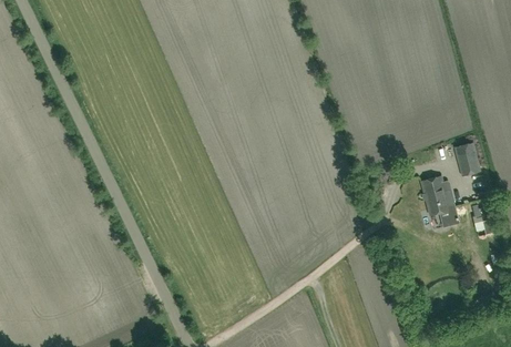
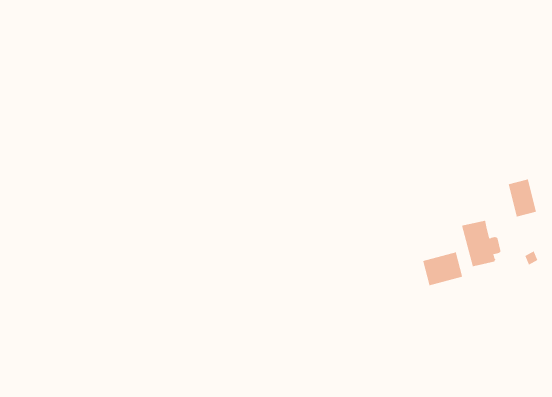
building: none -> [423,252,463,286]

